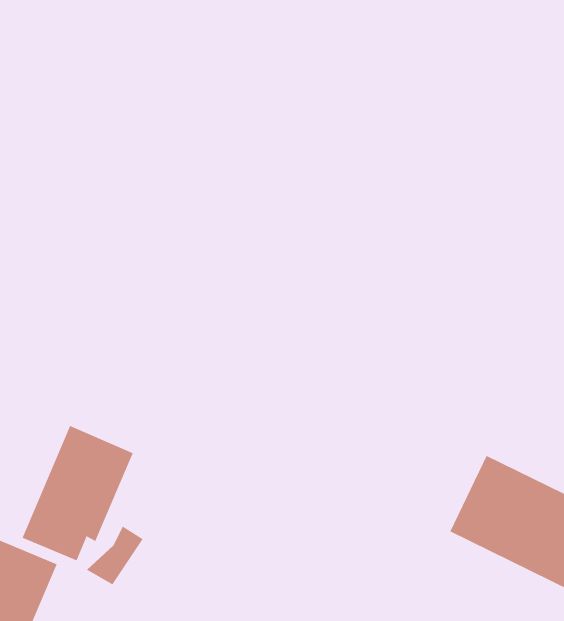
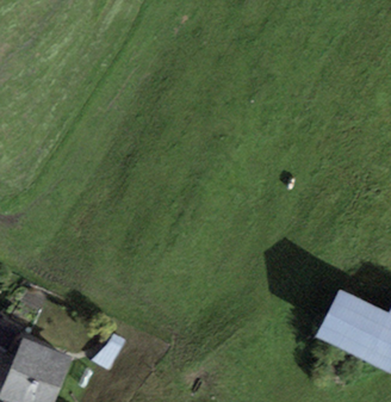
building: [22,425,133,561] -> none

